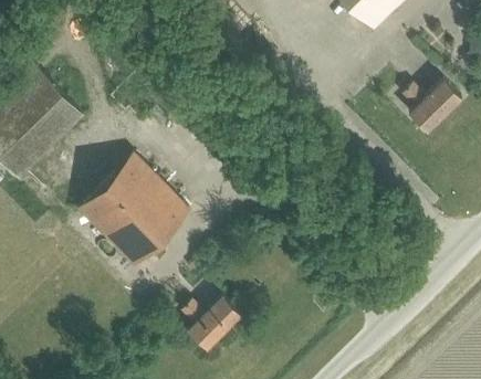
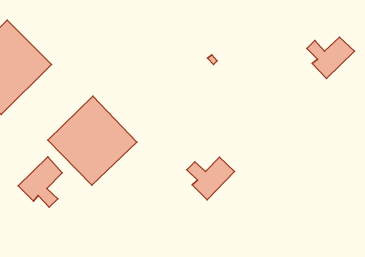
building: none -> [18,157,62,207]
building: [181,296,241,349] -> [187,157,235,200]

